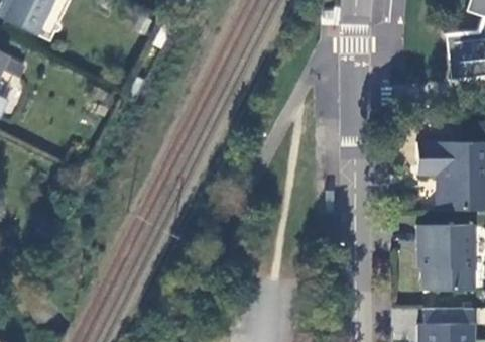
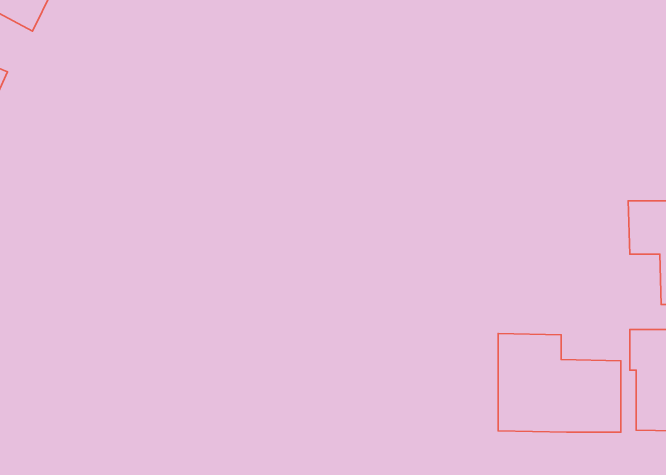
building: none -> [498,334,621,432]

